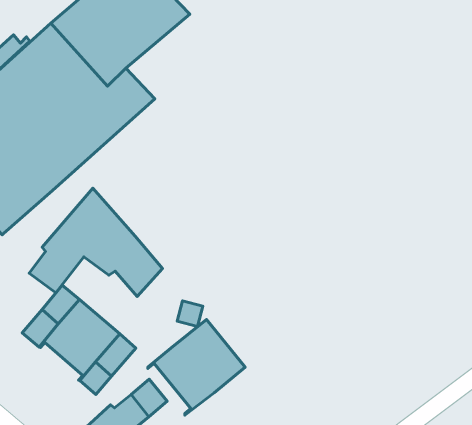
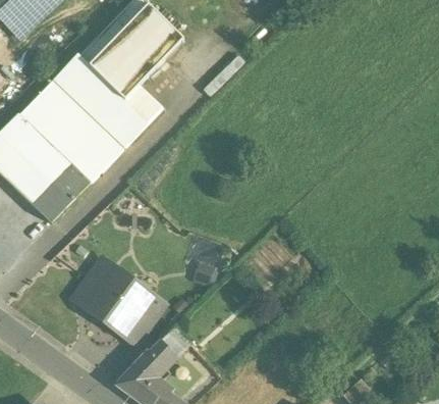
building: [29,188,163,296] -> none
building: [148,319,245,415] -> none

